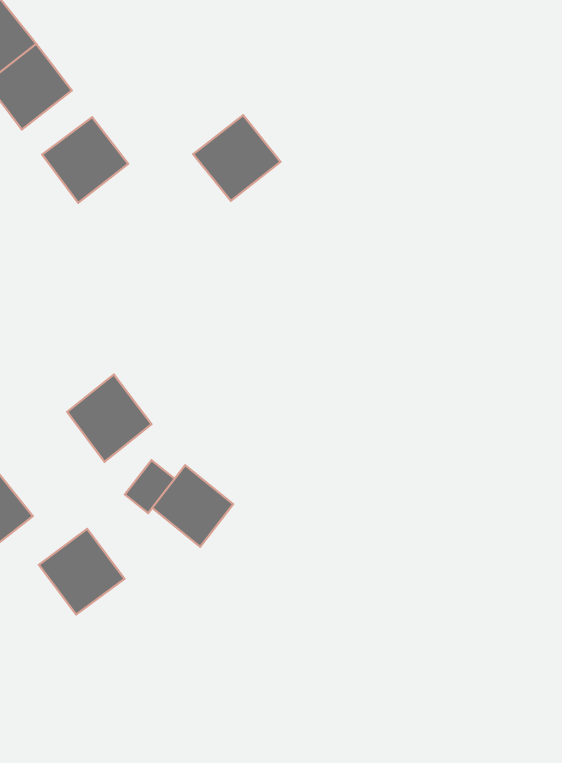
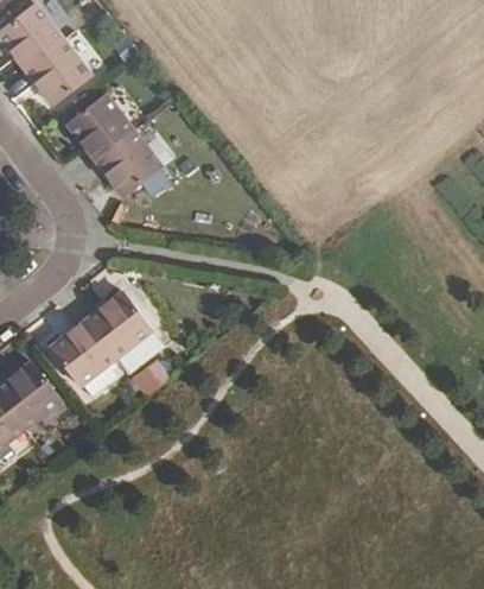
building: [193,115,281,201] -> [95,131,161,196]
building: [152,465,233,547] -> none
building: [39,529,125,615] -> [50,319,115,385]

